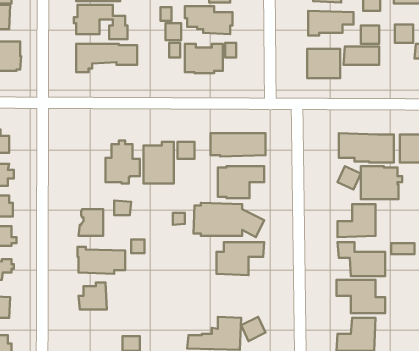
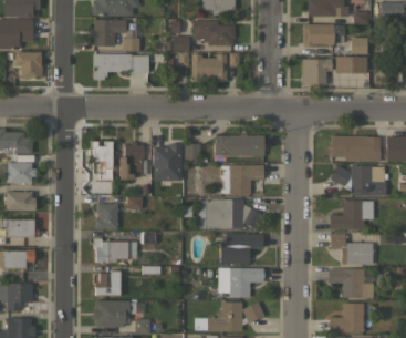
building: none -> [90,141,113,181]
building: none -> [218,268,263,297]
building: none -> [96,300,134,328]

